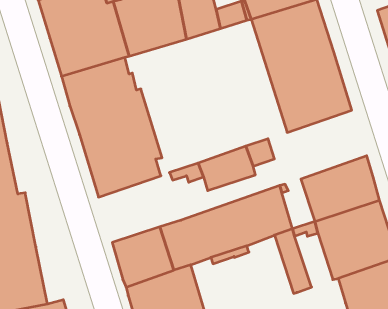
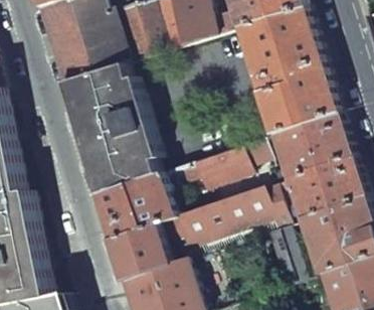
building: none -> [274,112,350,177]
building: none -> [96,173,174,238]

